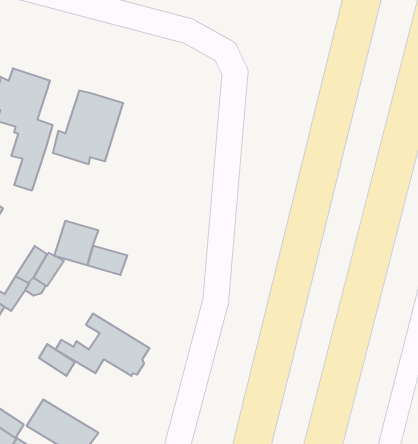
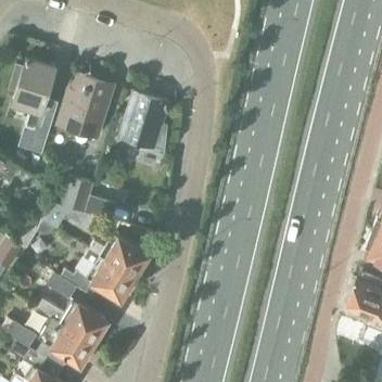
building: none -> [120,91,170,156]
building: none -> [90,235,148,278]
building: none -> [37,300,107,344]

